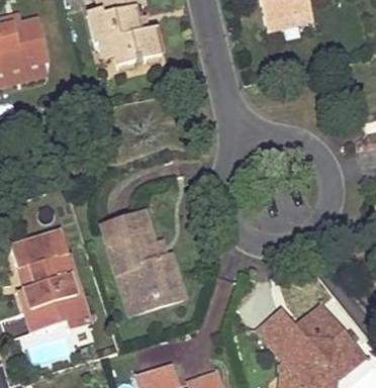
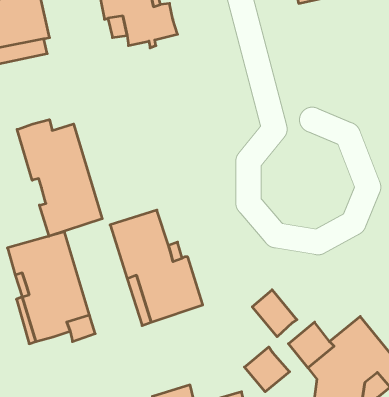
building: none -> [17,120,102,236]
building: none -> [252,290,297,337]
building: none -> [244,347,290,392]

